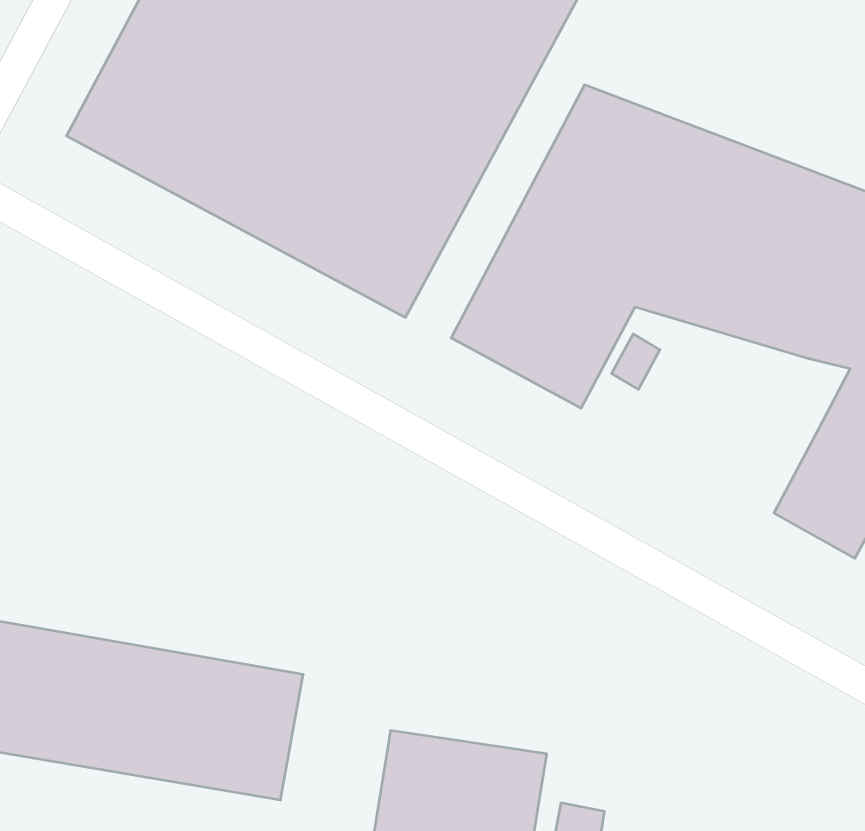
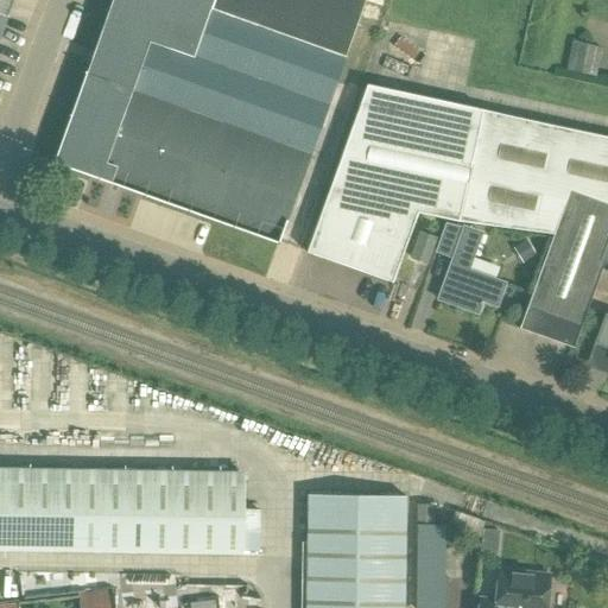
building: none -> [438,227,506,314]

